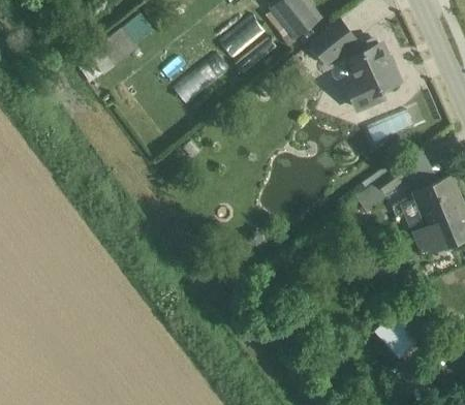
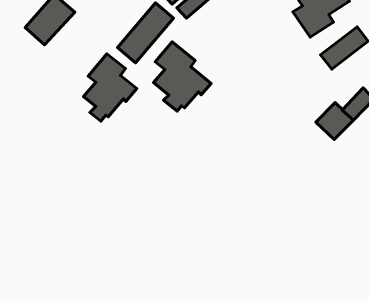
building: none -> [154,42,211,111]
building: none -> [83,54,137,121]

